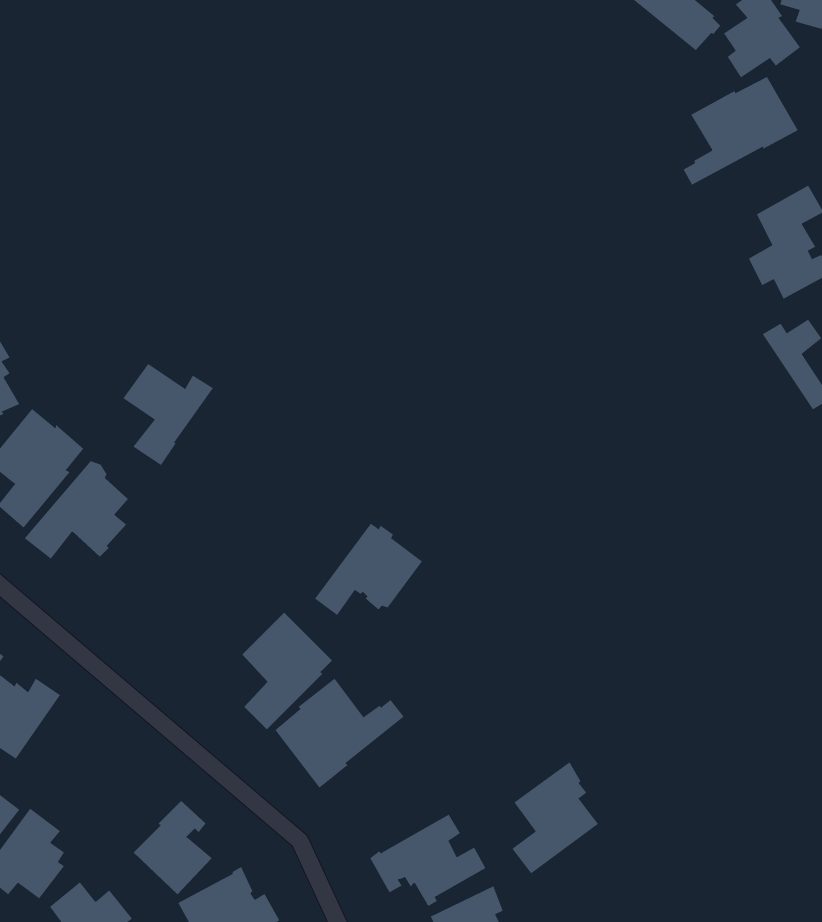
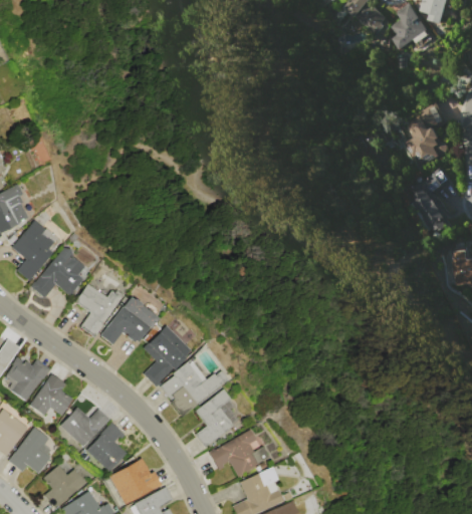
building: [683,76,799,186] -> none
building: [123,363,214,466] -> [74,284,122,337]
building: [314,523,423,616] -> [100,297,157,345]
building: none -> [29,373,72,416]
building: [511,762,599,874] -> [194,390,239,448]
building: none -> [60,407,109,447]

